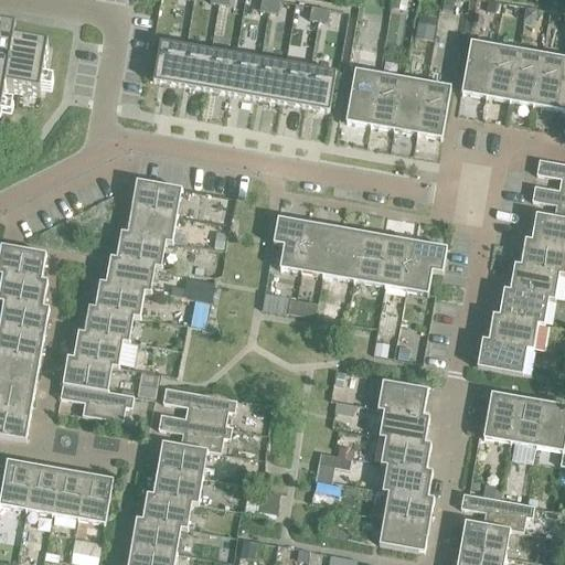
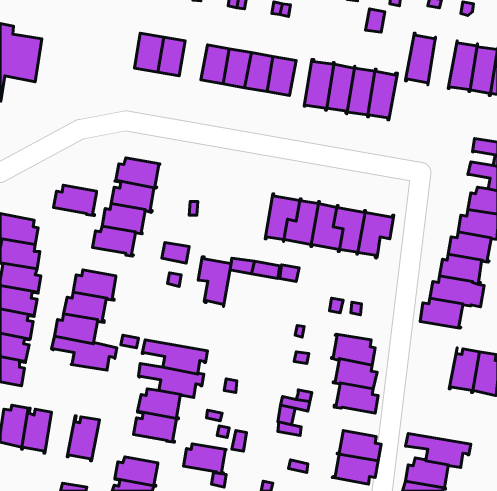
building: [486,42,519,100] -> none
building: [204,46,236,90] -> none
building: [273,214,310,270] -> [198,257,231,306]
building: [95,280,143,315] -> [53,185,96,215]
building: [483,391,519,440] -> none
building: [381,461,430,494] -> none
building: [52,467,86,518] -> none
building: [142,492,191,526] -> [183,444,226,474]

